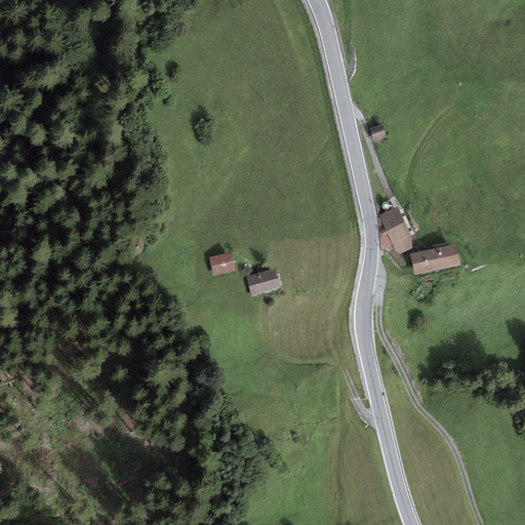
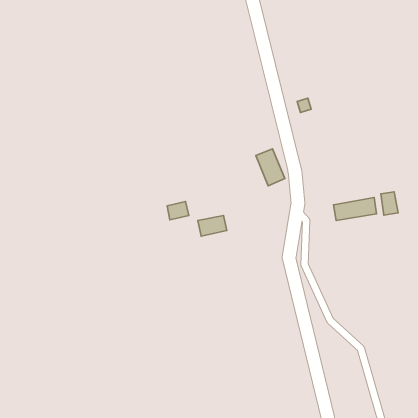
building: [378,207,414,253] -> [256,149,285,186]
building: none -> [381,192,398,215]

